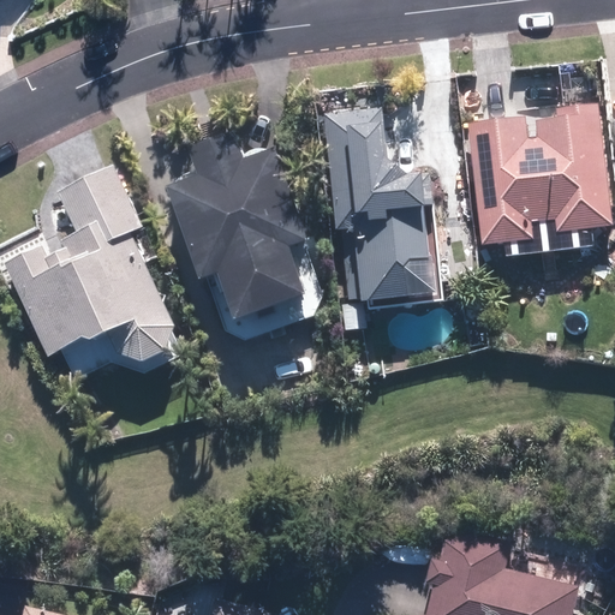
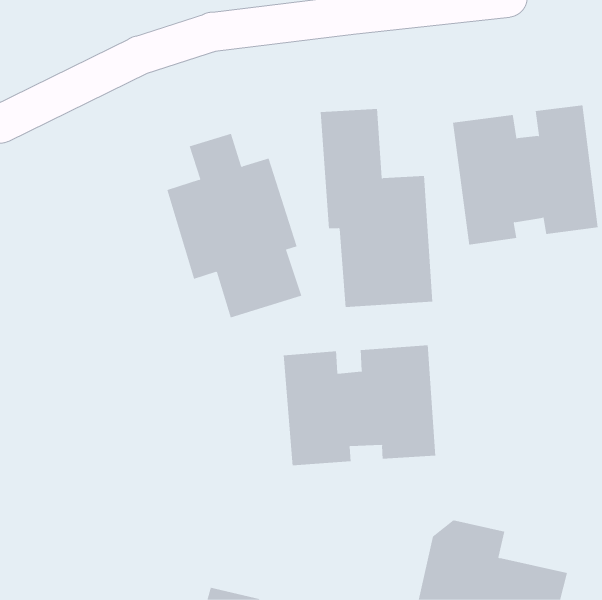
building: [11,167,178,372] -> none
building: none -> [283,345,436,466]

